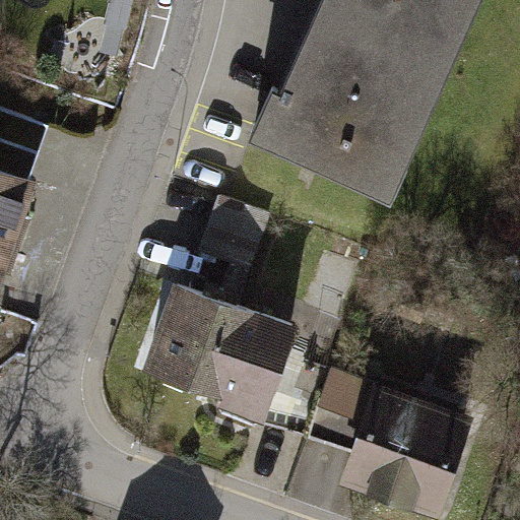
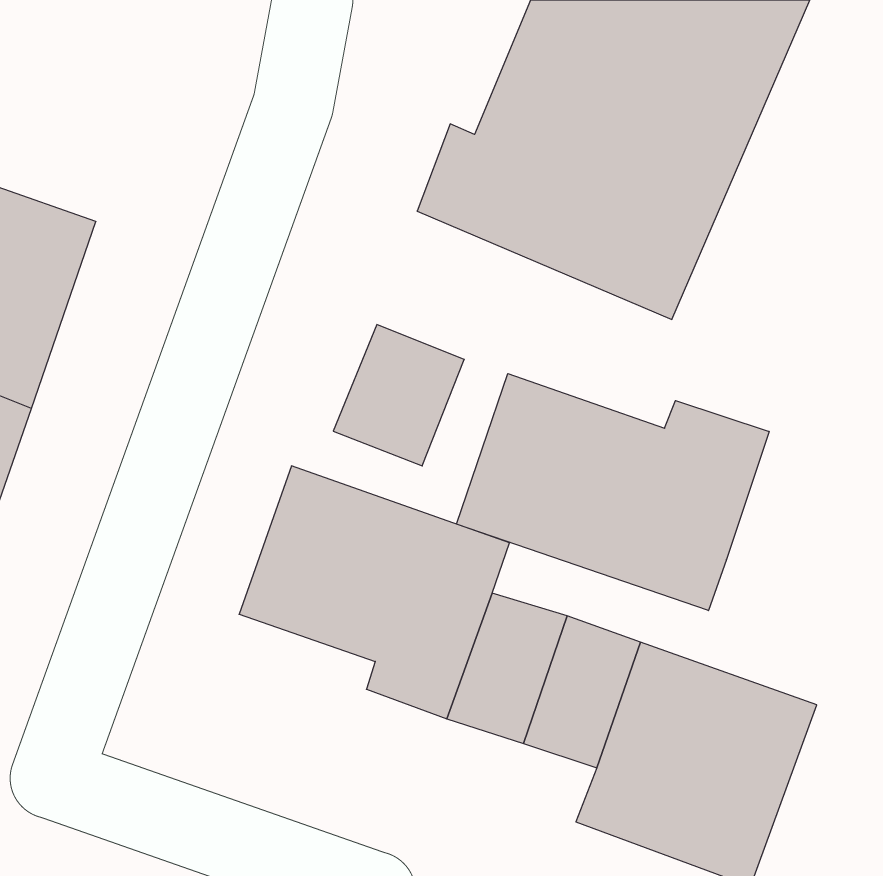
building: none -> [456,374,769,611]

